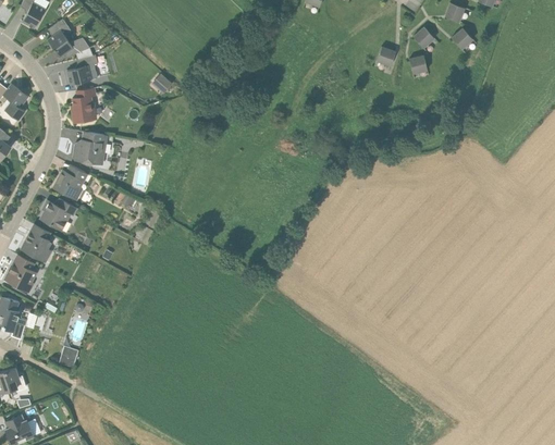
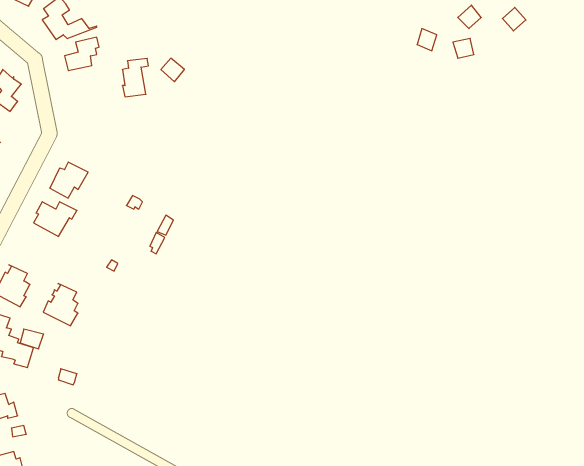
building: [72,88,95,122] -> [122,58,148,97]
building: [73,132,107,163] -> none
building: [21,224,51,261] -> [43,284,78,326]

